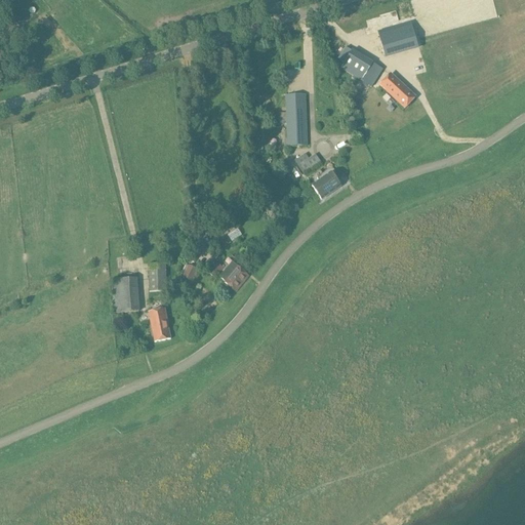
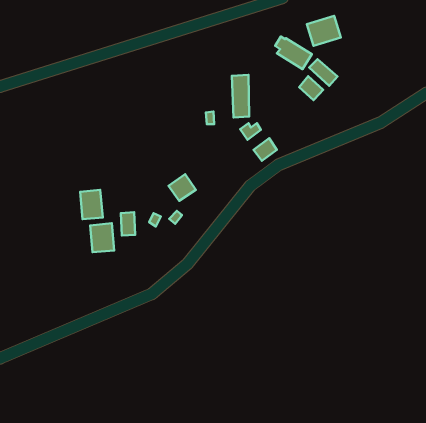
building: none -> [299,76,323,100]
building: none -> [80,190,103,219]
building: [219,259,249,290] -> none
building: [149,307,171,339] -> none

